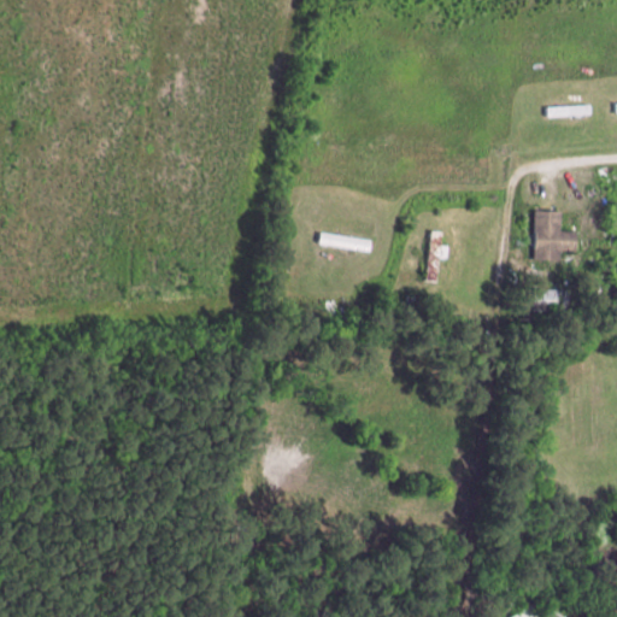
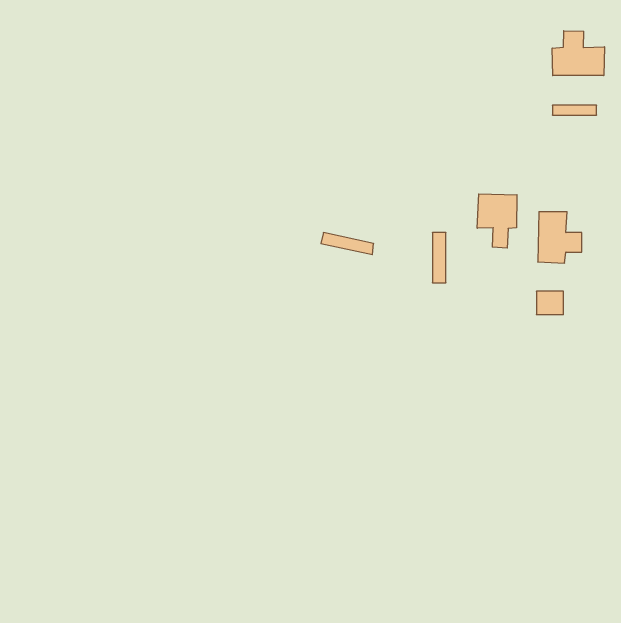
building: none -> [552,31,604,76]
building: none -> [477,194,517,248]

